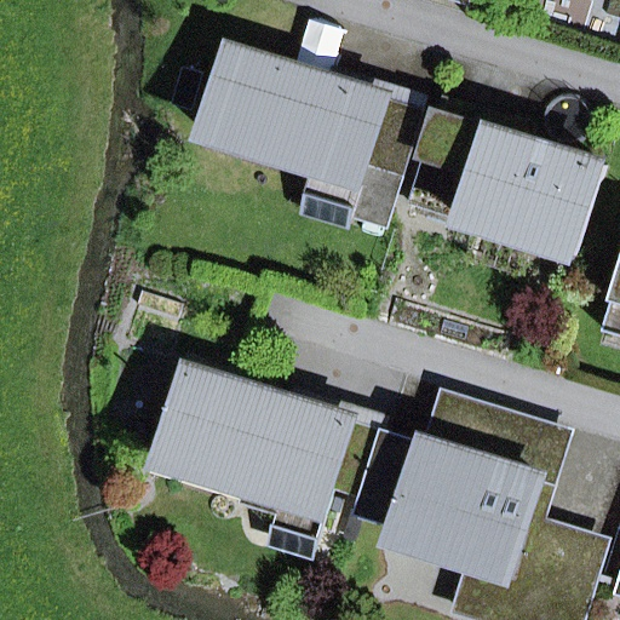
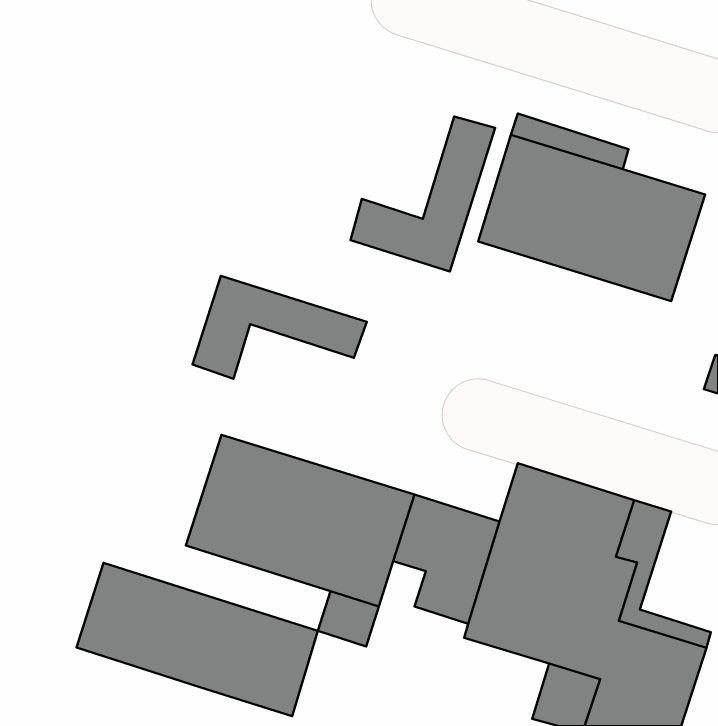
building: [203,50,388,186] -> none
building: none -> [192,276,367,379]
building: none -> [77,563,318,716]

